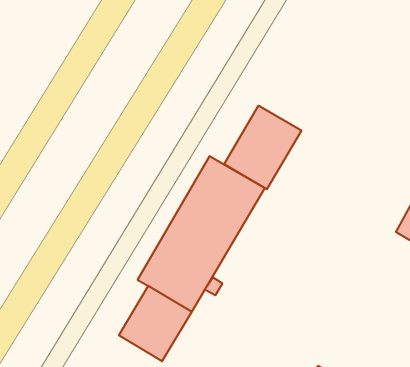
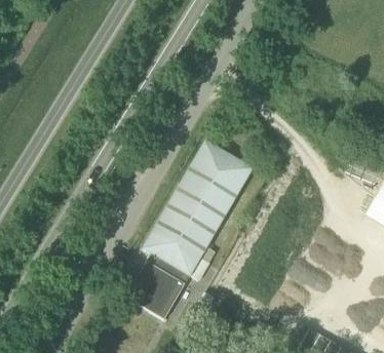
building: [224,106,301,189] -> none

